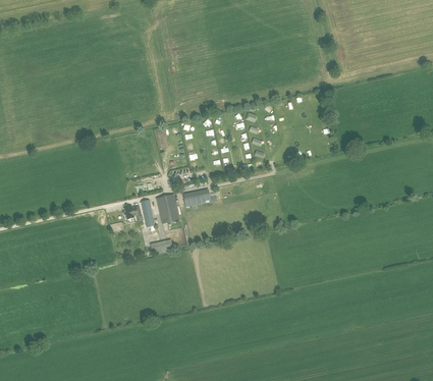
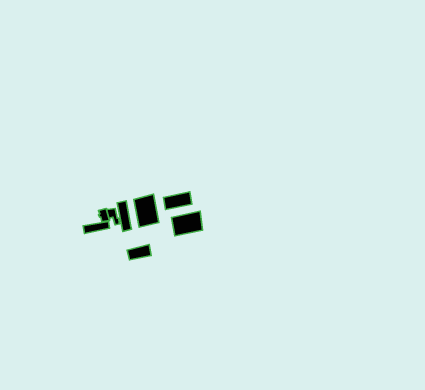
building: none -> [171,211,203,236]

